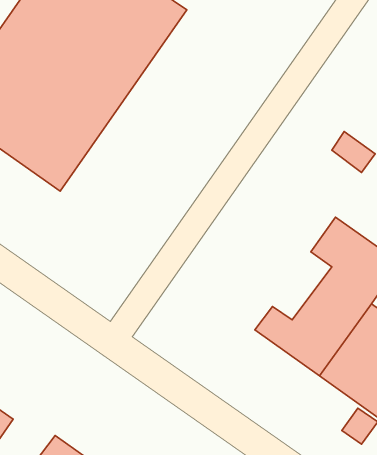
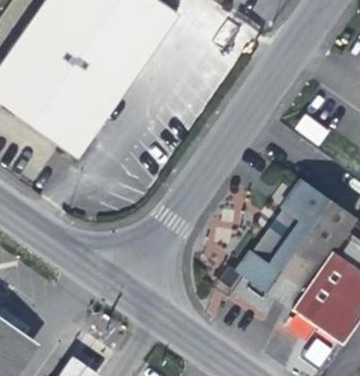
building: none -> [250,209,298,265]

